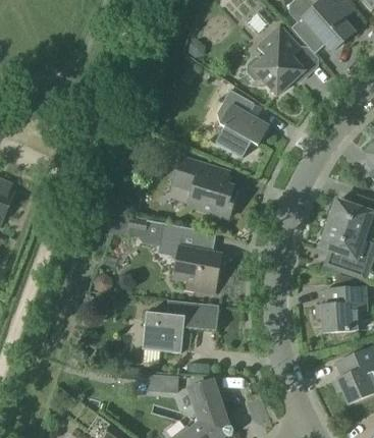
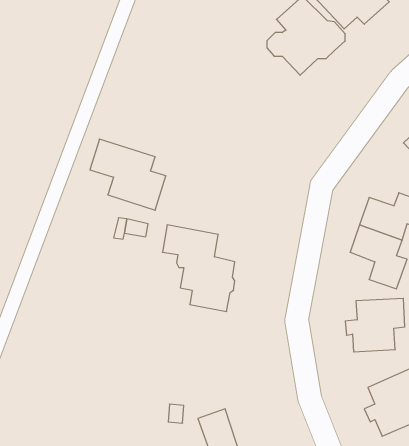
building: [215,89,269,156] -> none
building: [172,156,237,217] -> [90,139,166,210]
building: [142,298,218,352] -> none

